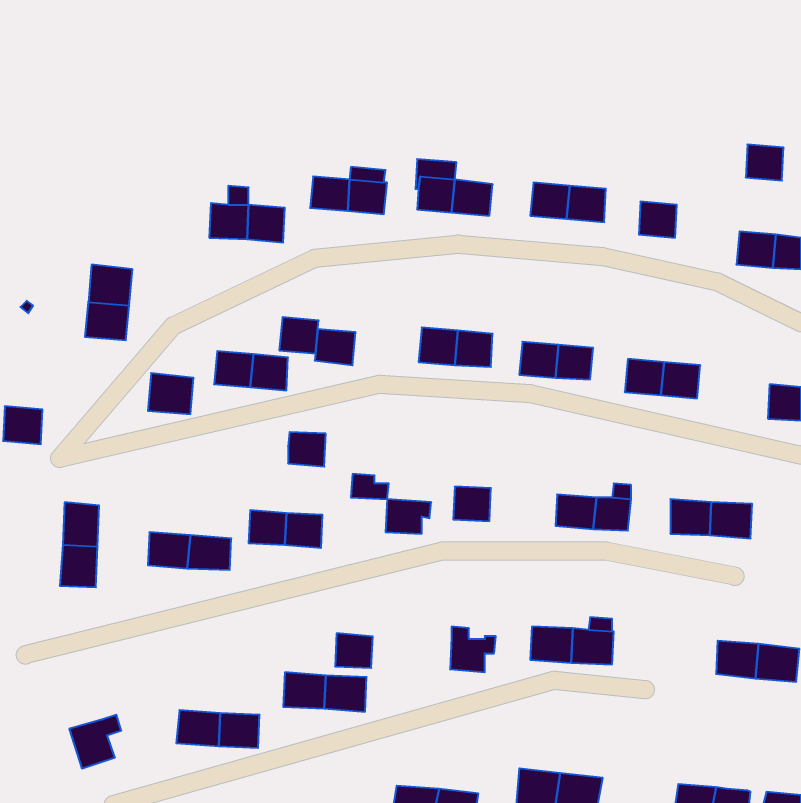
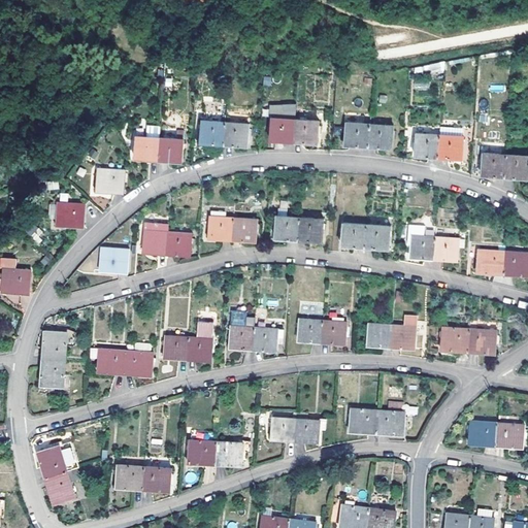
building: [746,144,784,181] -> [442,135,467,159]
building: [88,265,132,305] -> [97,165,126,192]
building: [279,317,319,354] -> [231,219,257,242]
building: none -> [476,251,504,275]
building: [288,432,326,467] -> [229,327,254,350]
building: none -> [321,321,345,344]
building: [335,633,373,668] -> [271,417,296,439]
building: none -> [36,442,78,478]

